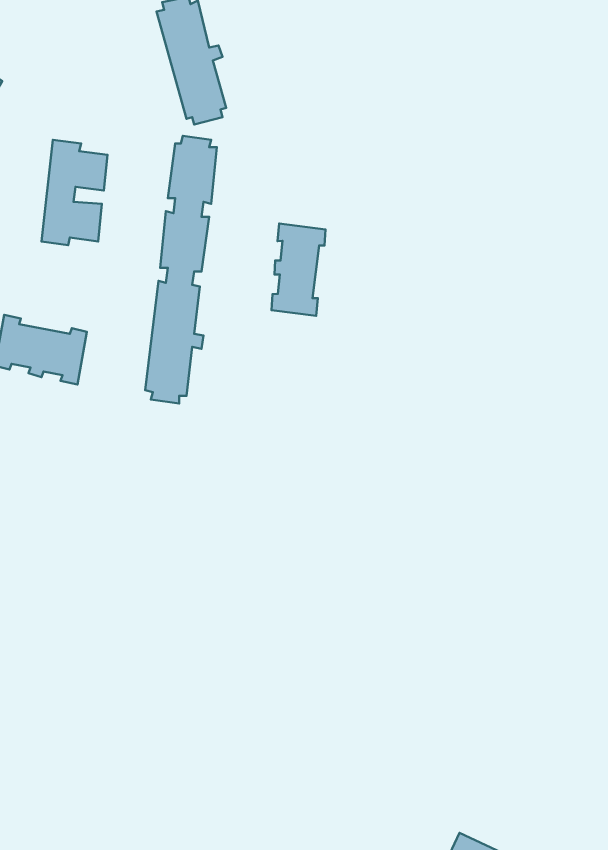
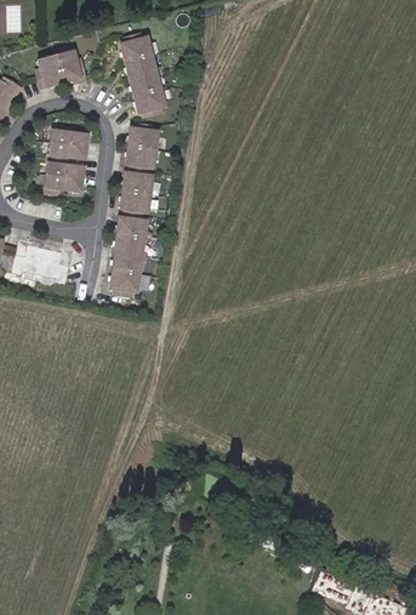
building: none -> [35,51,84,87]
building: [271,223,325,316] -> none

